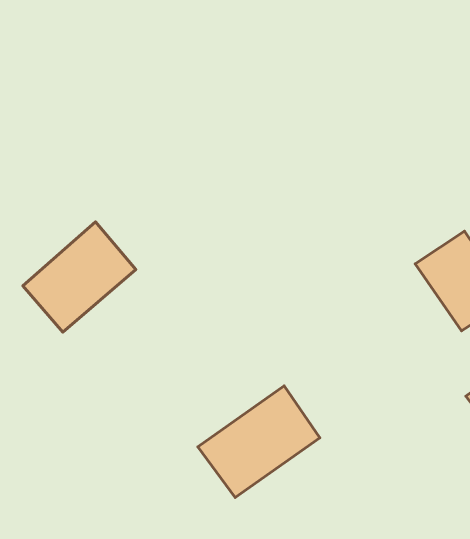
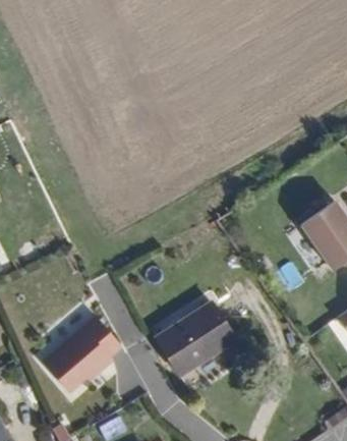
building: [23,222,136,332] -> [43,312,120,387]

